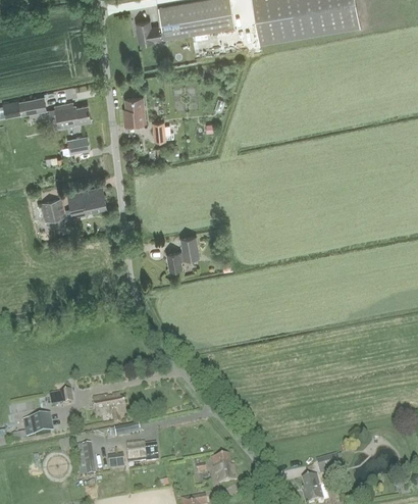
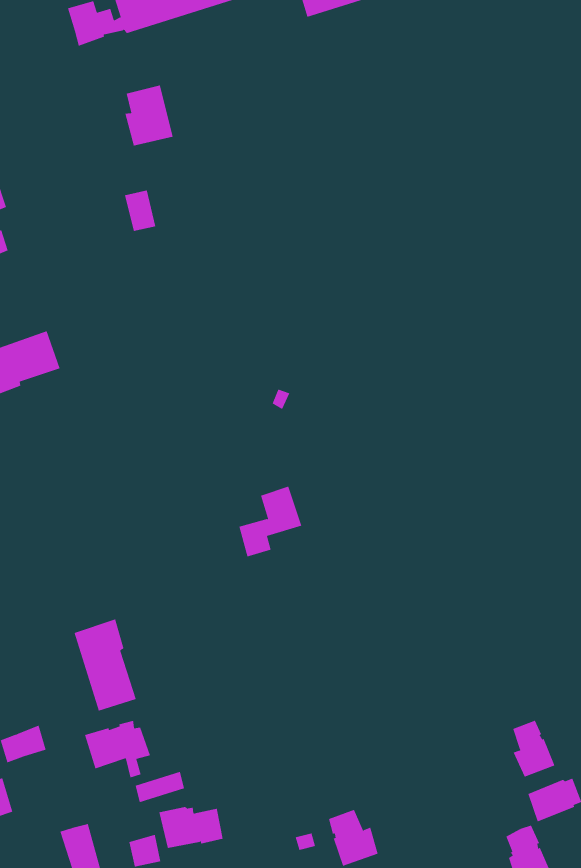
building: [122,96,146,125] -> [125,85,173,146]
building: [166,236,199,269] -> [239,486,302,557]
building: none -> [74,618,137,711]
building: none -> [512,720,555,778]

